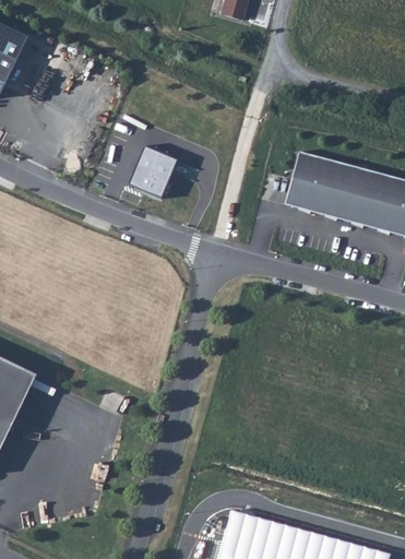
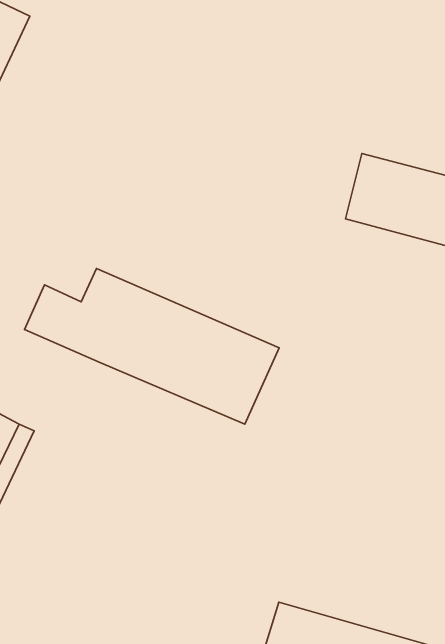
building: [130,150,179,202] -> none
building: none -> [24,269,279,424]

